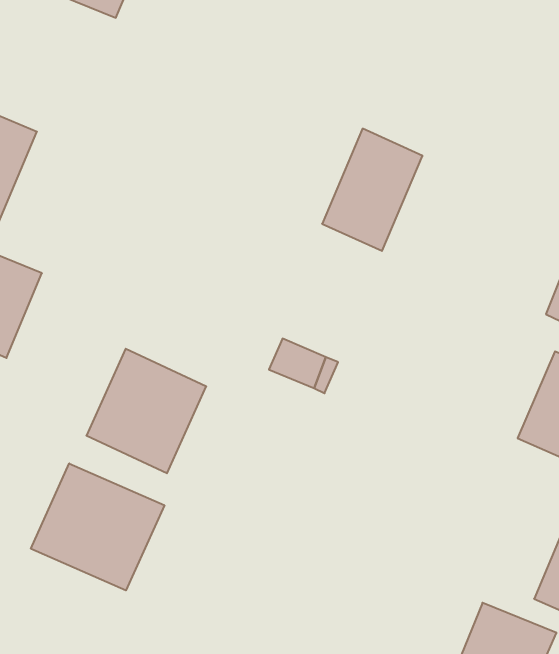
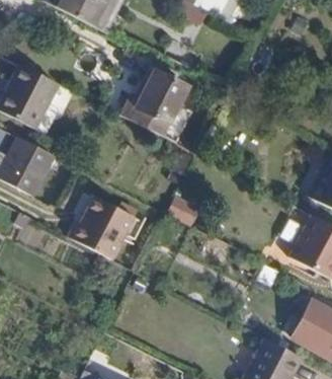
building: [322,129,423,251] -> [130,72,183,135]
building: [31,463,164,590] -> none

